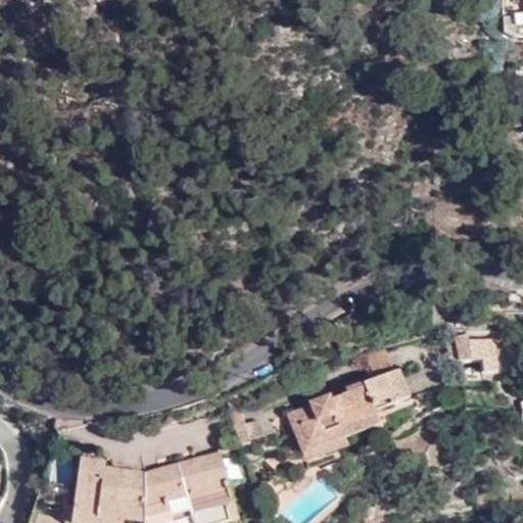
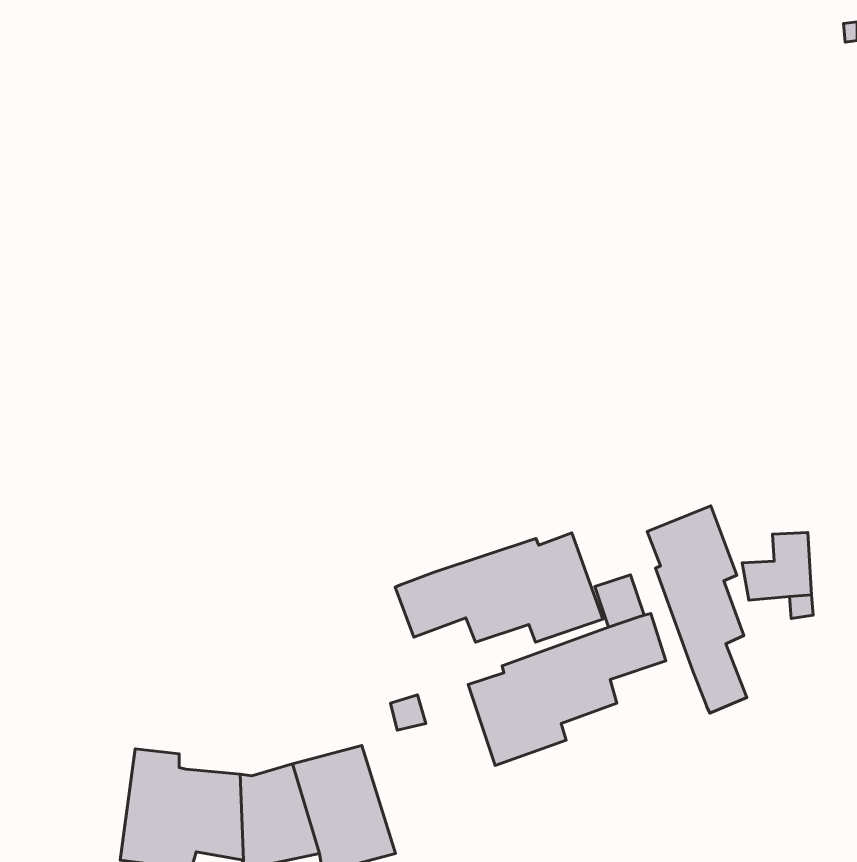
building: none -> [647,506,747,713]
building: none -> [395,533,603,642]

